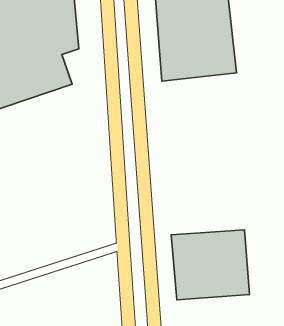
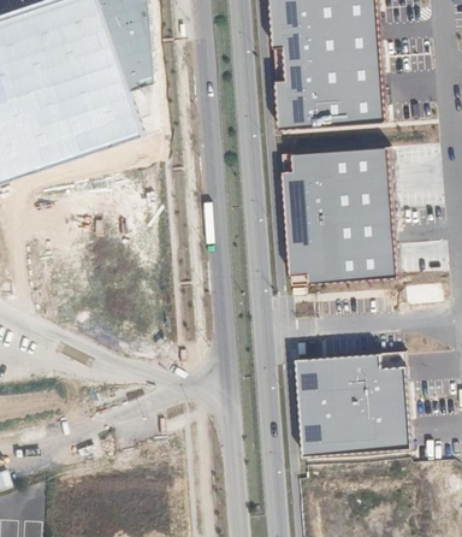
building: none -> [279,144,396,284]

